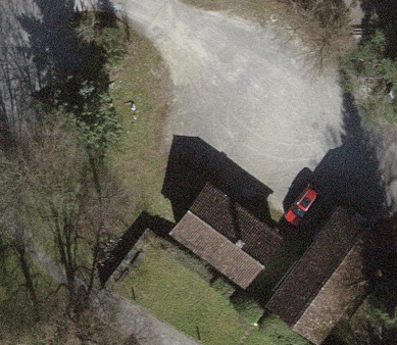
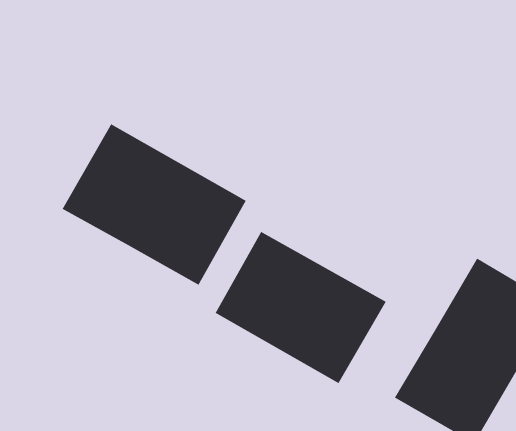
building: none -> [62,123,247,286]

